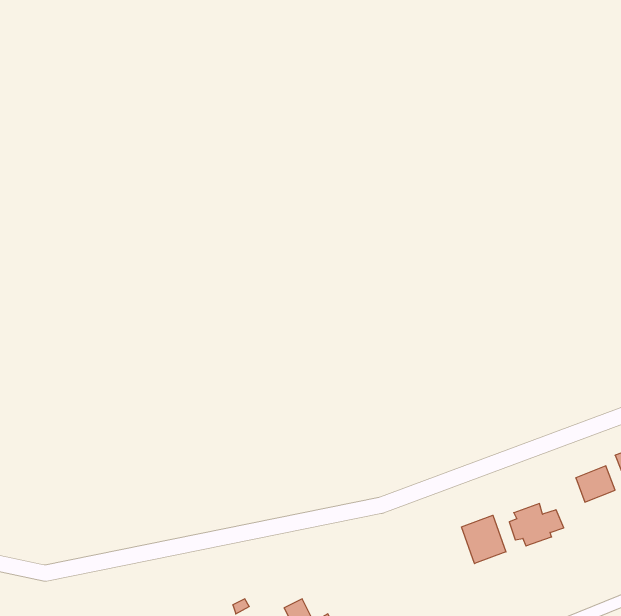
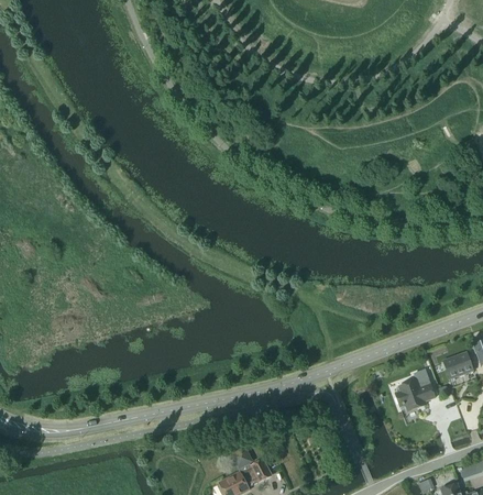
building: [462,515,506,564] -> none

